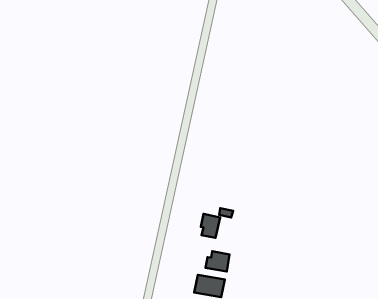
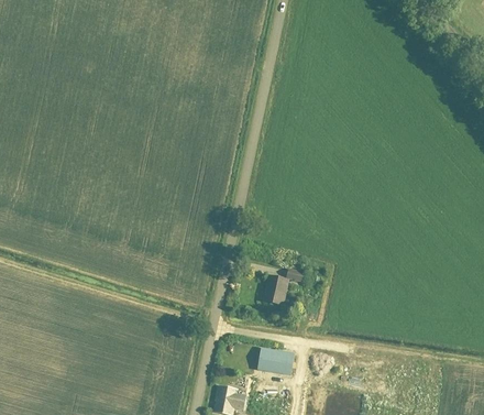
building: [206,251,230,272] -> none

